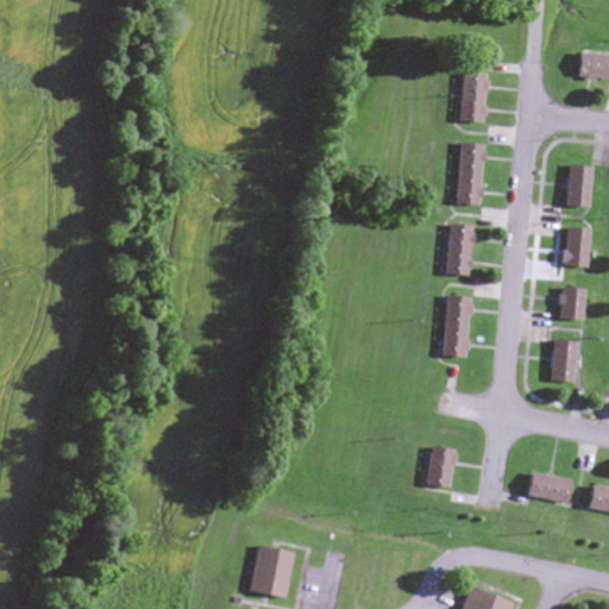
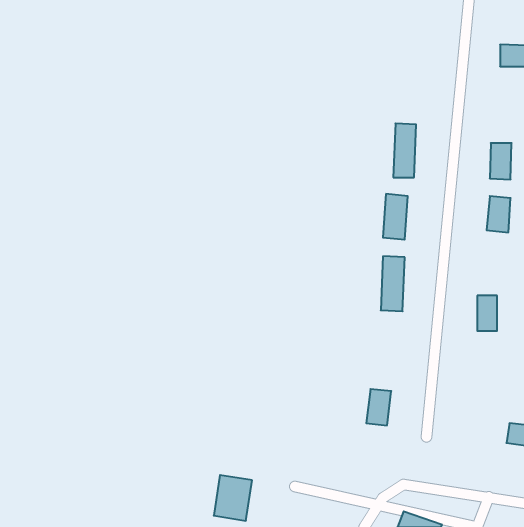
building: [460,71,488,123] -> none
building: [561,285,585,318] -> none
building: [527,471,572,502] -> none

